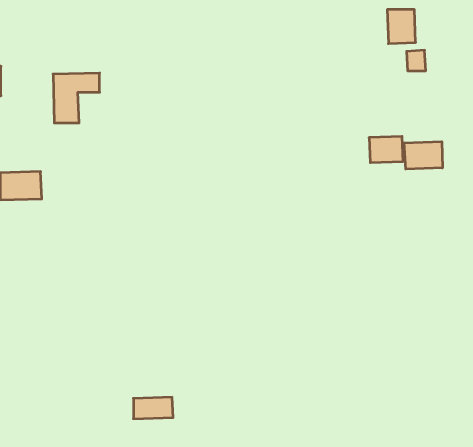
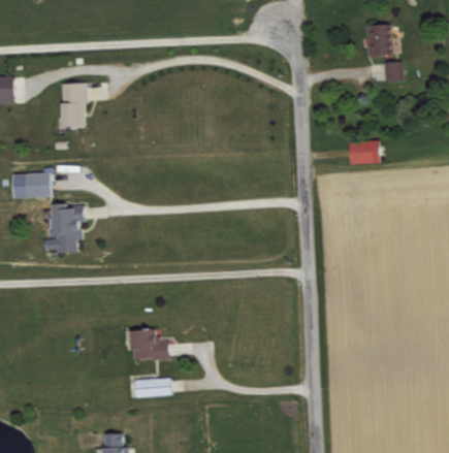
building: [404,142,442,169] -> none
building: none -> [43,203,85,252]
building: none -> [131,330,169,360]

